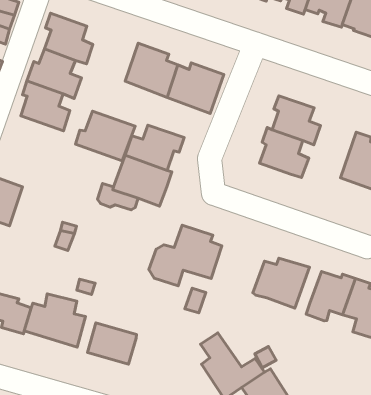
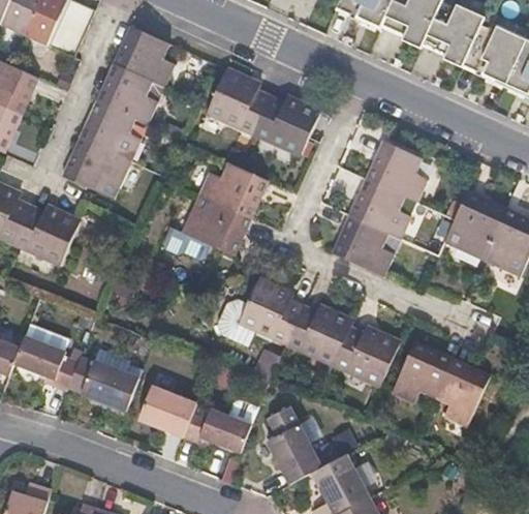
building: [76,111,135,161] -> [62,139,132,199]
building: none -> [337,214,393,276]
building: none -> [286,307,352,365]
building: none -> [183,397,258,450]

